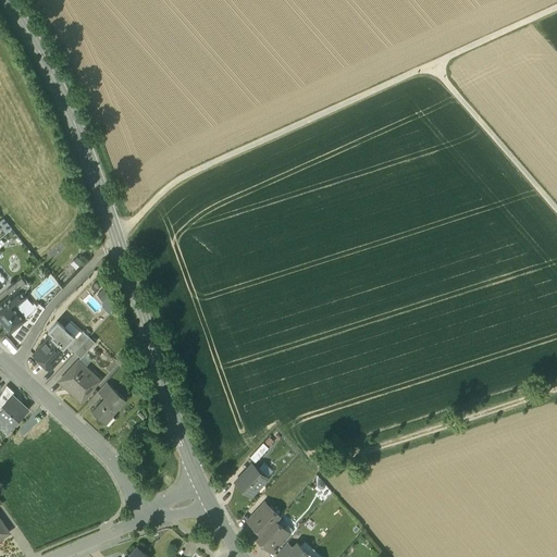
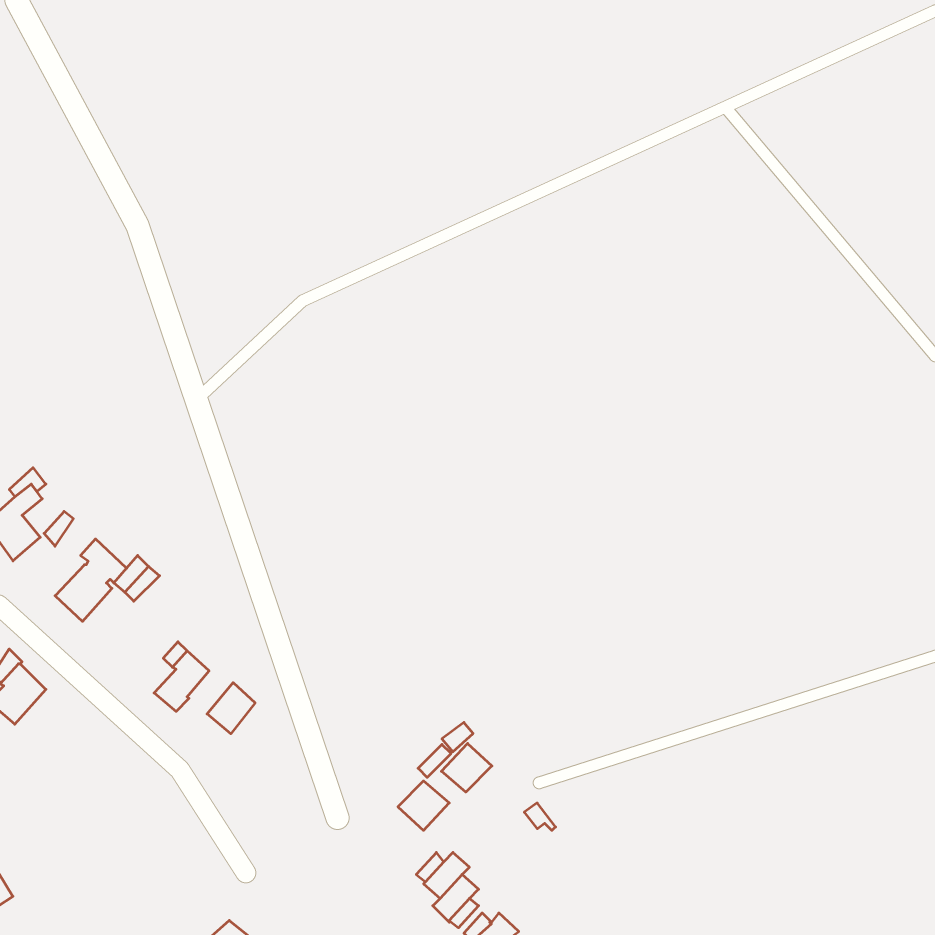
building: [58,360,99,401] -> none
building: none -> [207,683,255,734]
building: none -> [441,743,492,792]

